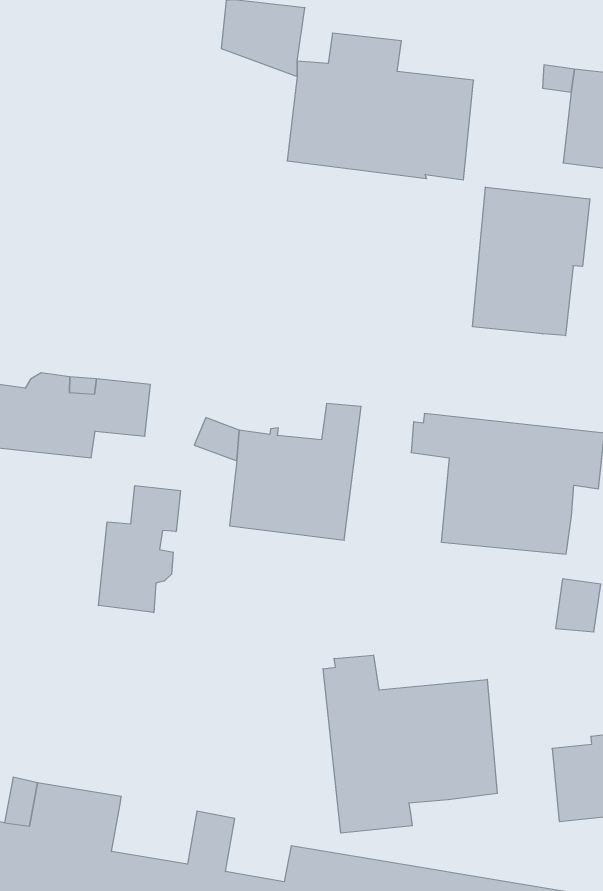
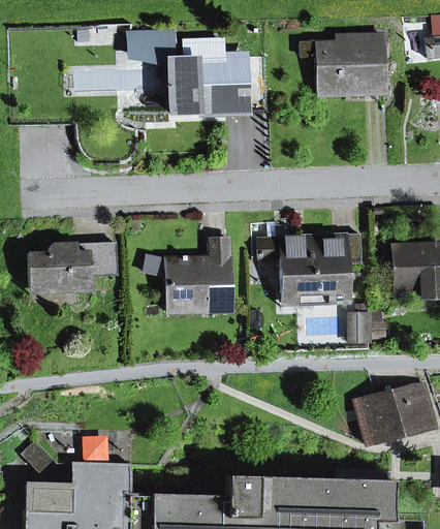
building: [473,187,590,336] -> none
building: [98,486,180,613] -> none
building: [323,655,497,833] -> none

